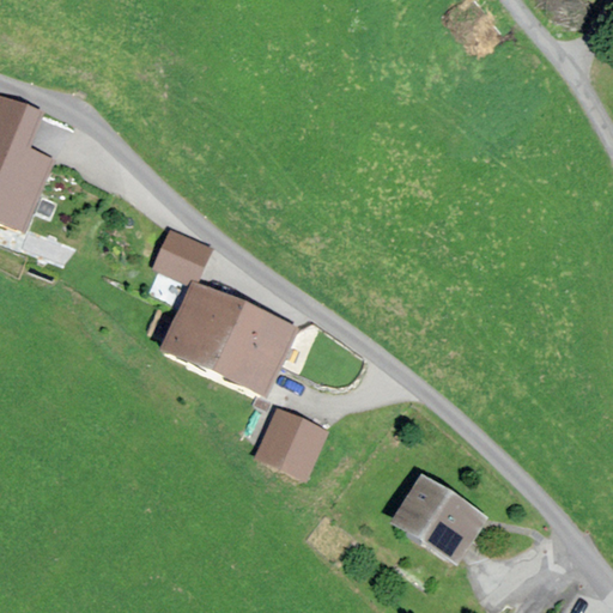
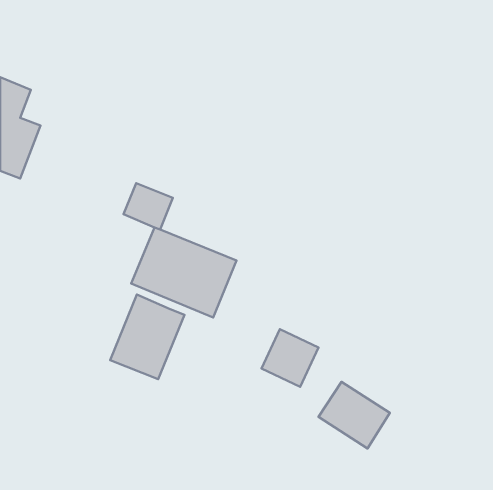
building: none -> [110,295,185,379]
building: [257,407,328,479] -> [261,329,318,387]

